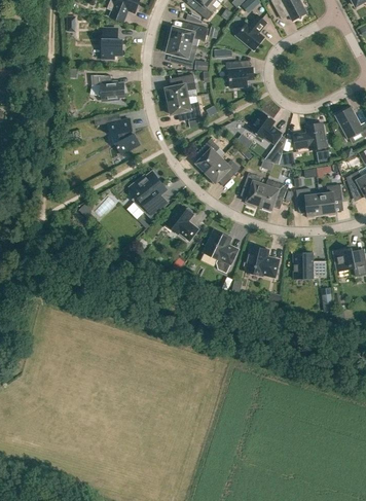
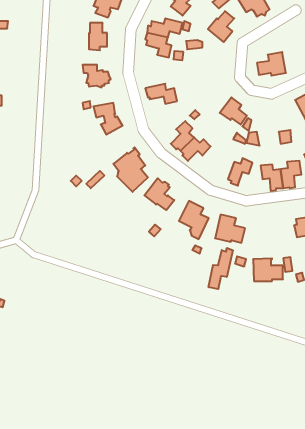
building: [226,61,253,87] -> none
building: [163,73,196,102] -> none
building: [293,122,326,149] -> [257,52,286,76]
building: [244,173,266,206] -> none
building: [292,252,326,278] -> [253,258,283,281]
building: none -> [209,248,233,289]

